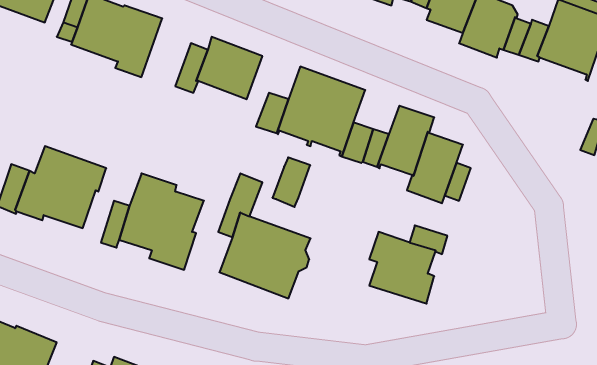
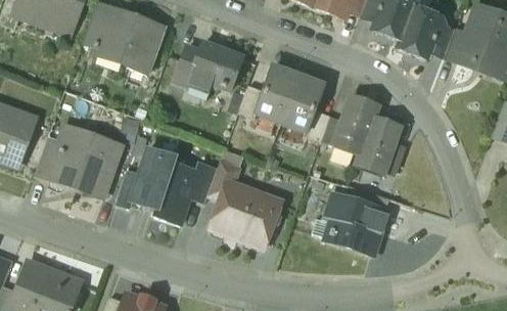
building: [272,157,310,207] -> [188,164,218,203]

